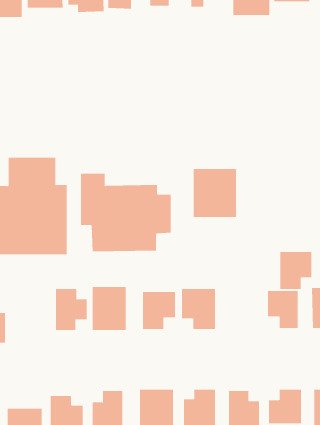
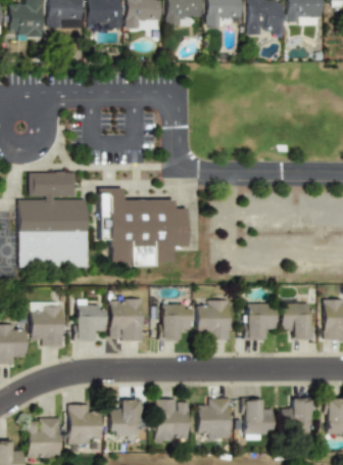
building: [193,168,237,218] -> none
building: [280,252,312,289] -> [244,304,276,340]
building: none -> [30,303,63,346]

